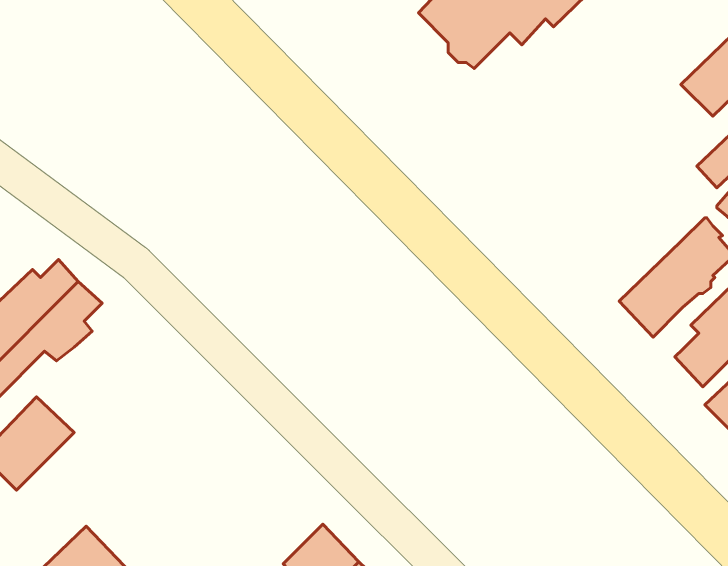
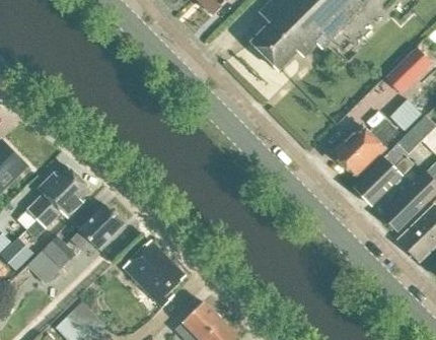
building: none -> [333,121,397,177]
building: none -> [71,205,124,249]
building: none -> [124,241,186,307]

